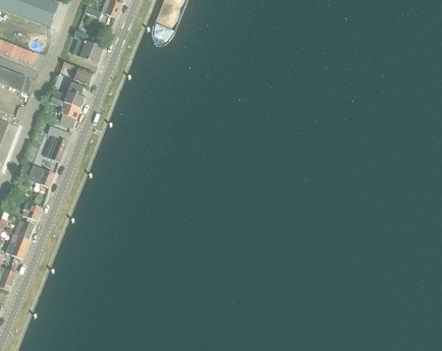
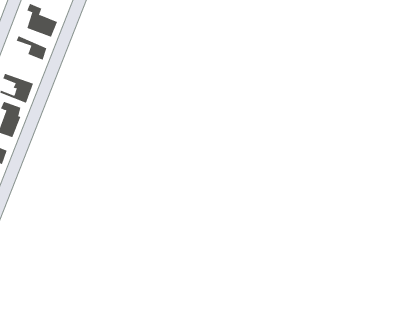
building: [51,82,84,108] -> none

